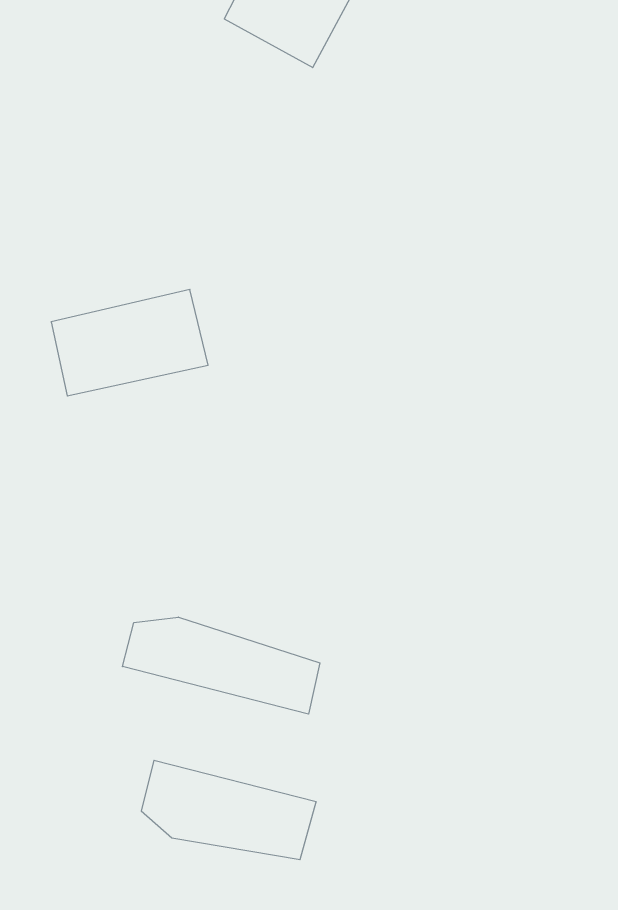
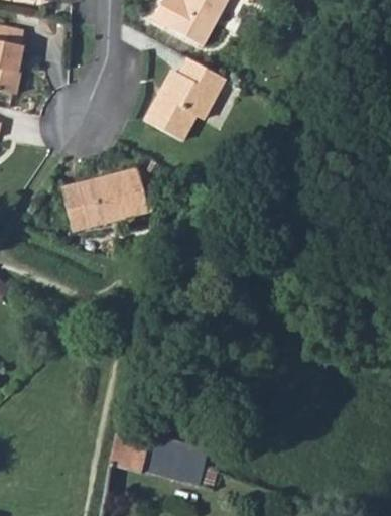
building: none -> [146,53,228,136]
building: [122,617,320,714] -> none

